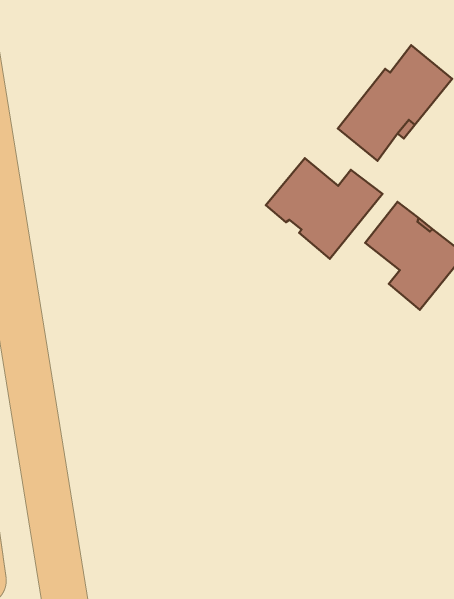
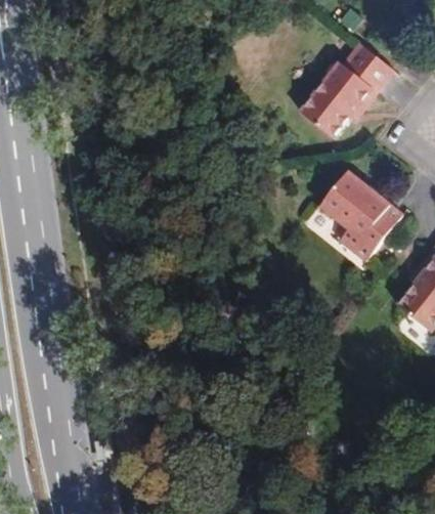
building: [266,158,383,259] -> none

